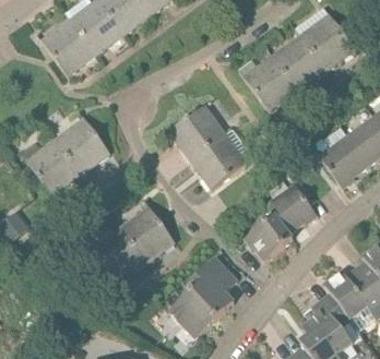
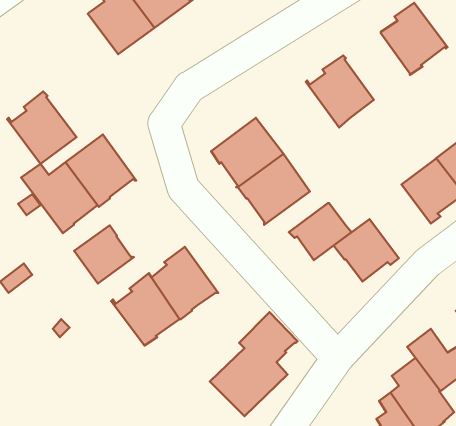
building: [41,17,96,74] -> [7,92,77,164]
building: [274,33,325,91] -> none
building: none -> [74,226,134,284]
building: [244,215,293,260] -> [289,203,351,260]

